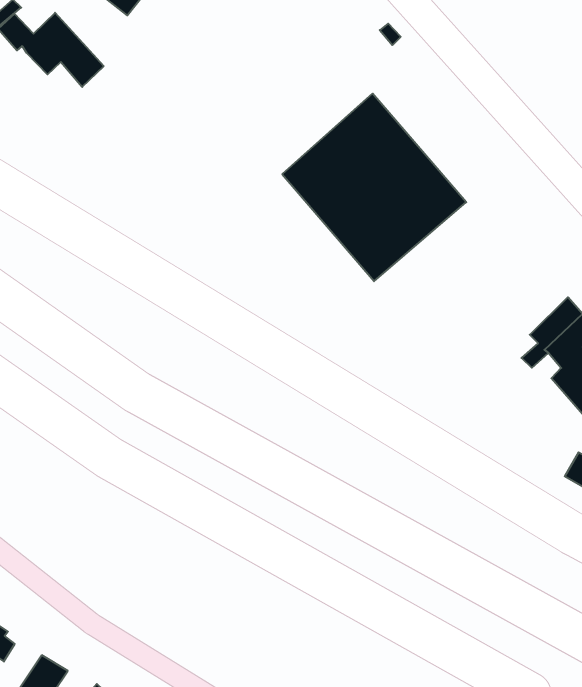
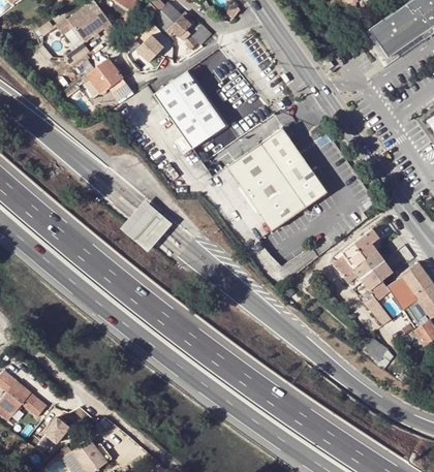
building: none -> [155,71,224,148]
building: none -> [122,201,173,253]
building: none -> [334,229,379,282]

